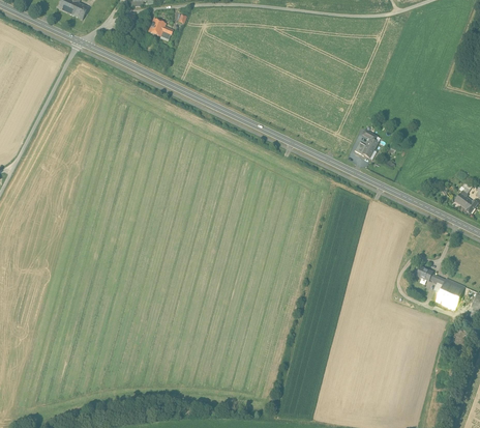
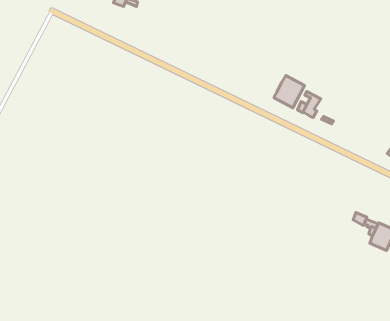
building: none -> [274,76,304,108]

